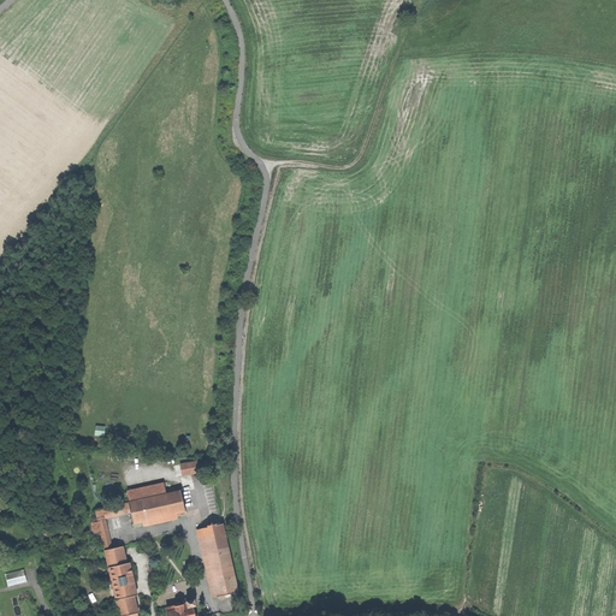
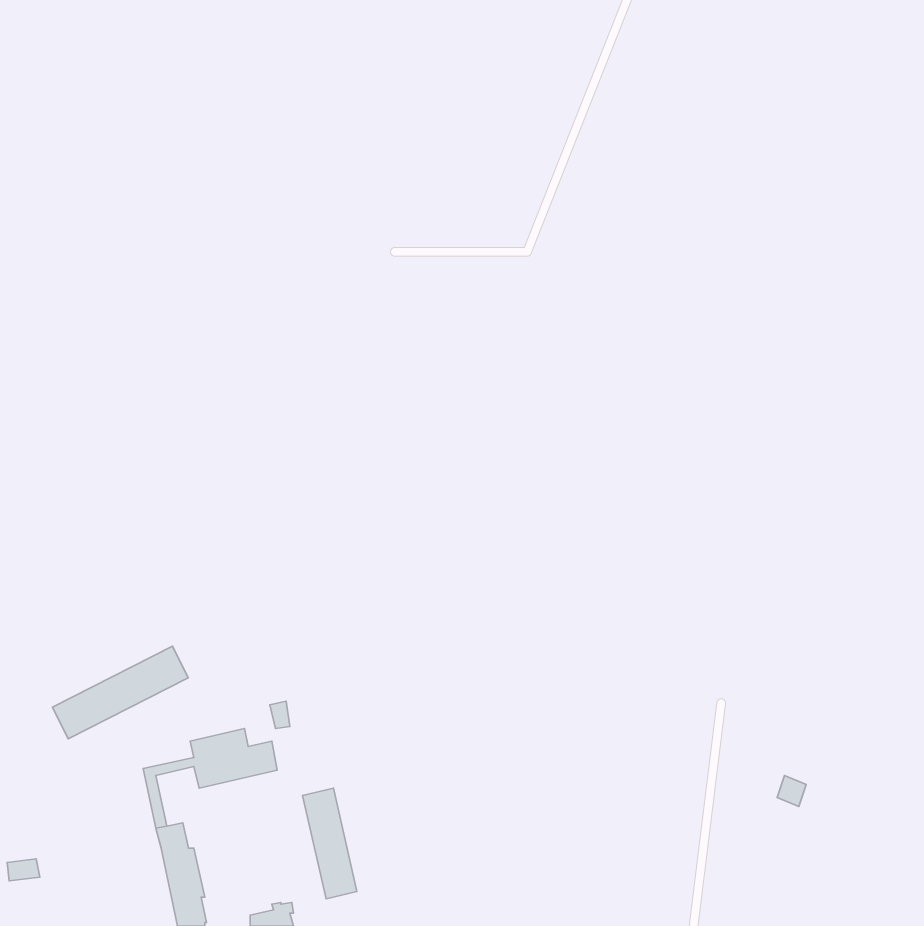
building: none -> [52,646,188,739]

